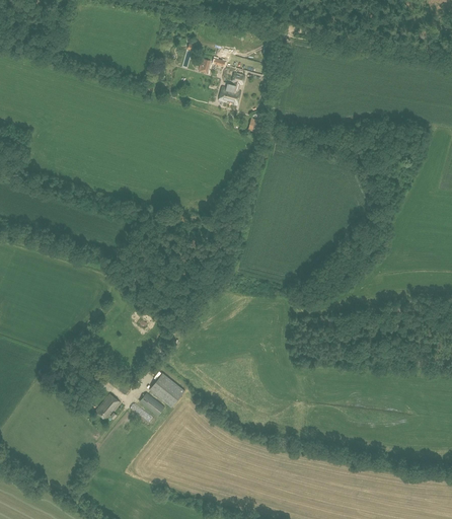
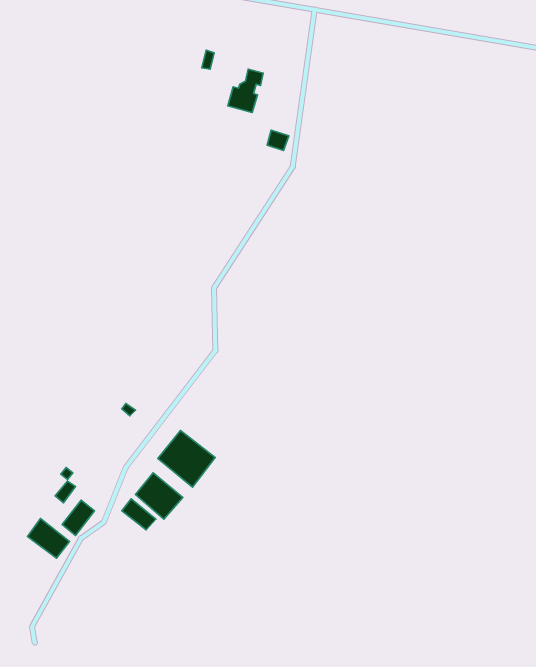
building: none -> [158,431,215,487]
building: none -> [28,519,70,558]

